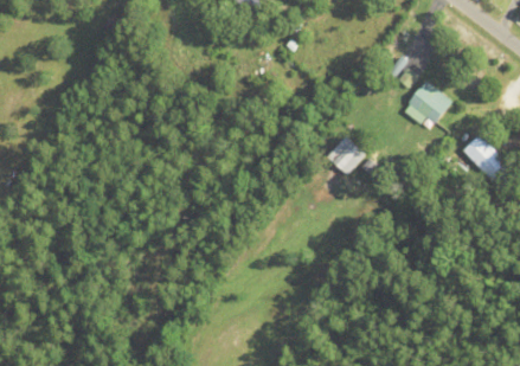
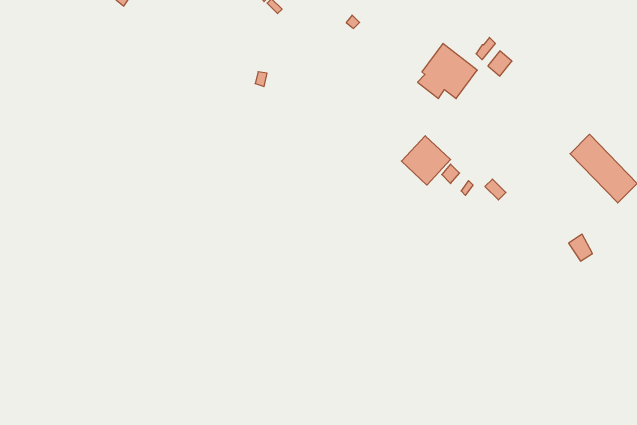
building: [403,79,450,123] -> [418,43,477,99]

